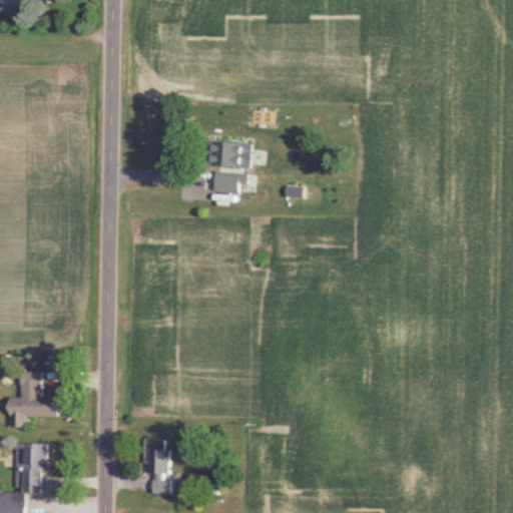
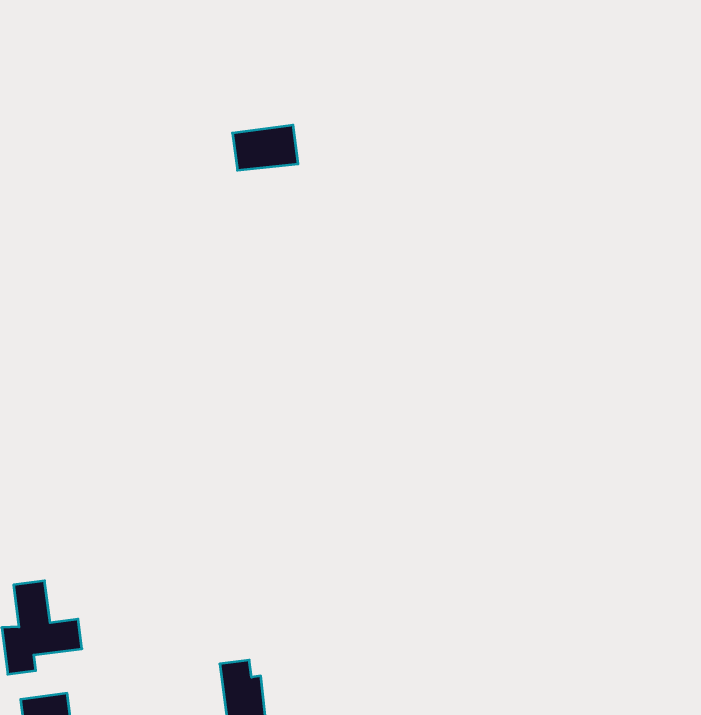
building: [212,142,251,167] -> [232,125,298,170]
building: [215,173,248,192] -> none

